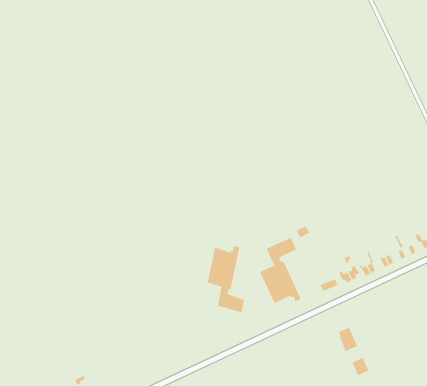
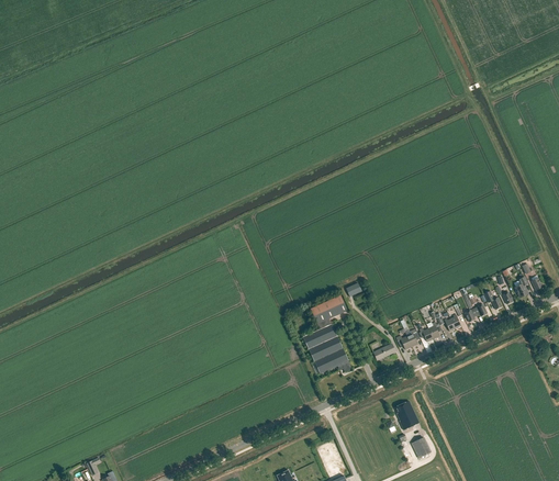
building: [207,245,245,313] -> none

